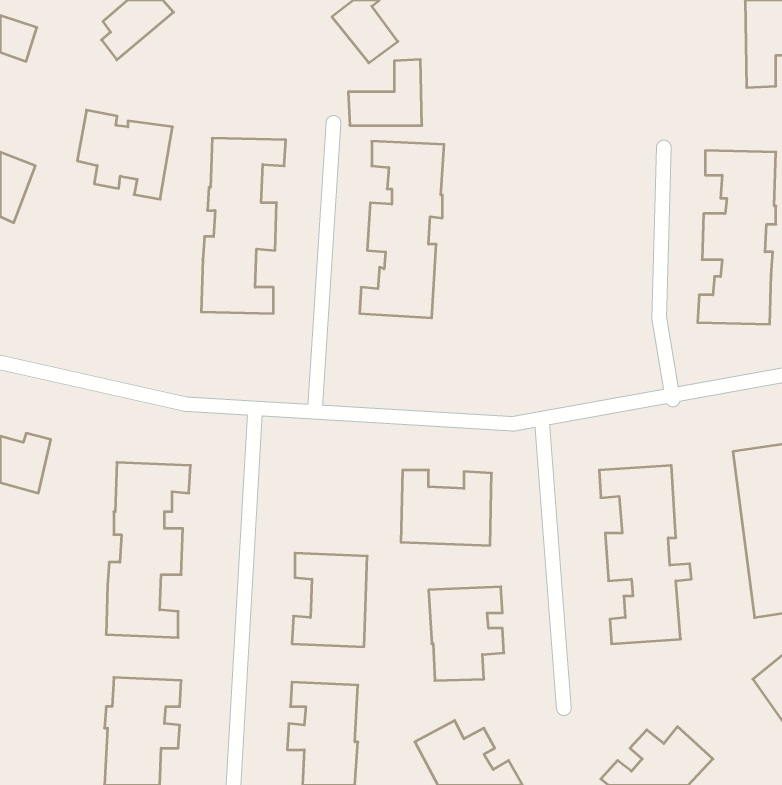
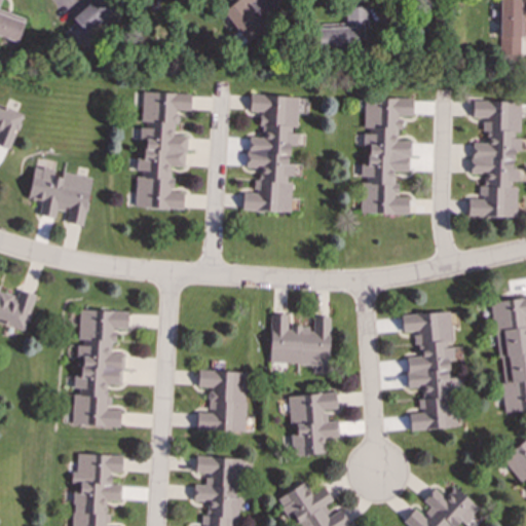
building: [348,59,422,125] -> [317,6,367,50]
building: [77,110,173,199] -> [29,165,92,225]
building: none -> [361,98,414,214]

